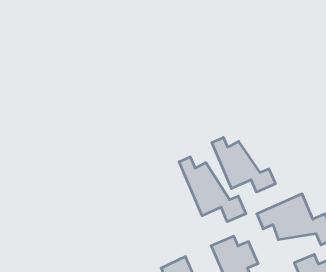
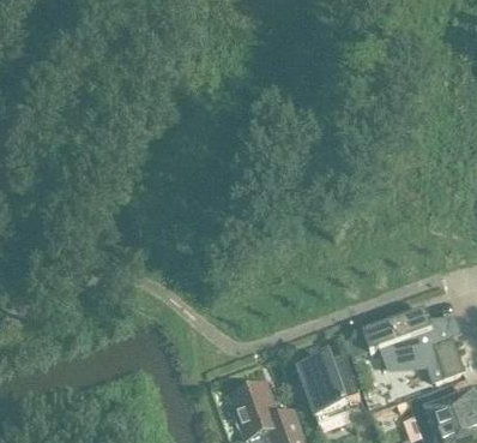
building: [212,137,275,192] -> none
building: [179,157,246,222] -> none

